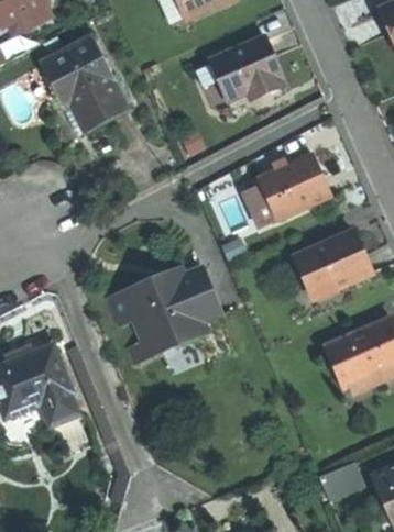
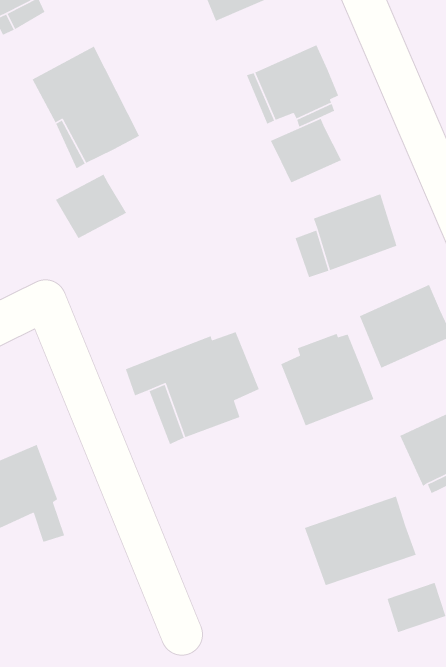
building: none -> [270,118,342,183]
building: none -> [55,174,127,239]
building: none -> [280,333,375,427]
building: none -> [304,496,417,586]

